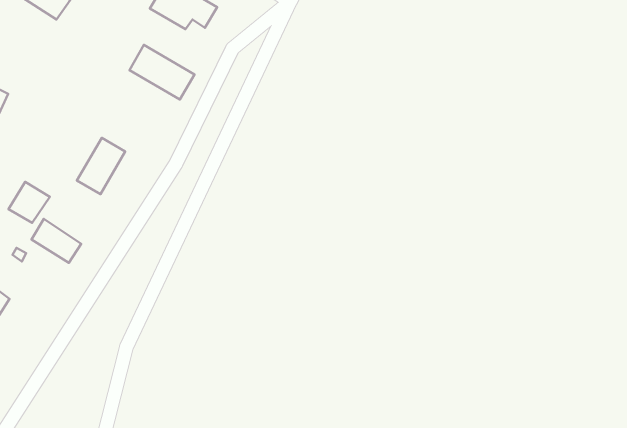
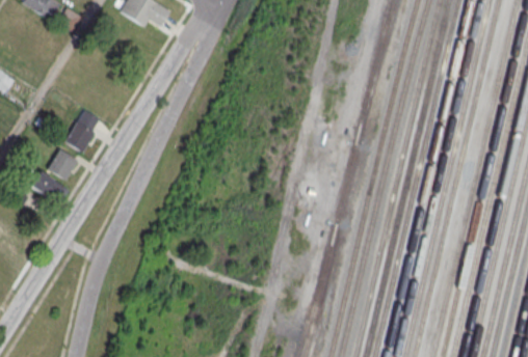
building: [130,45,194,99] -> none
building: [9,182,50,223] -> [47,147,78,179]

